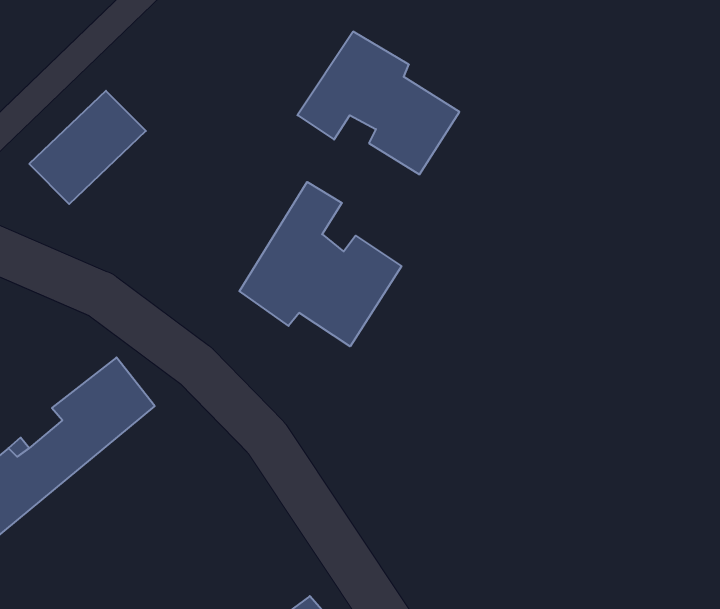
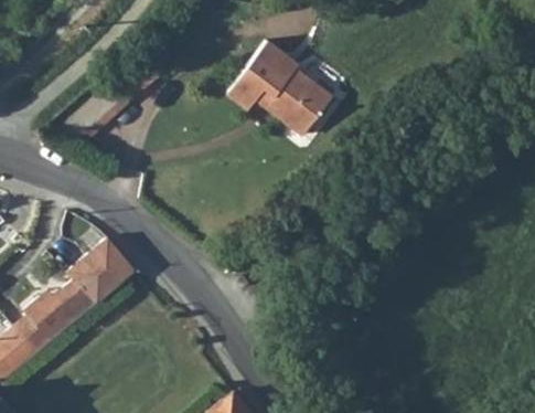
building: [239,182,401,346] -> none

